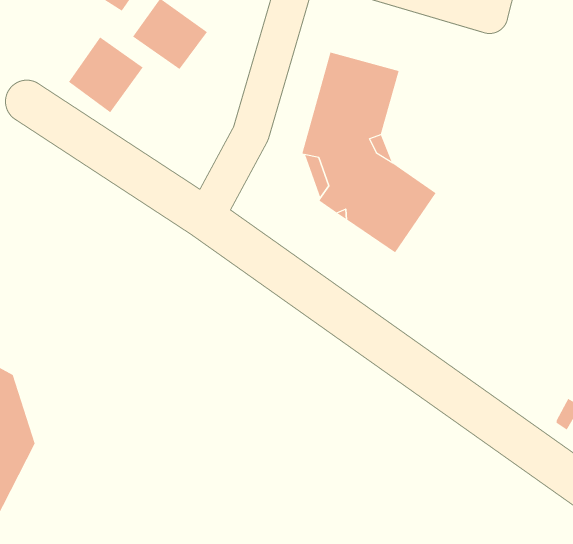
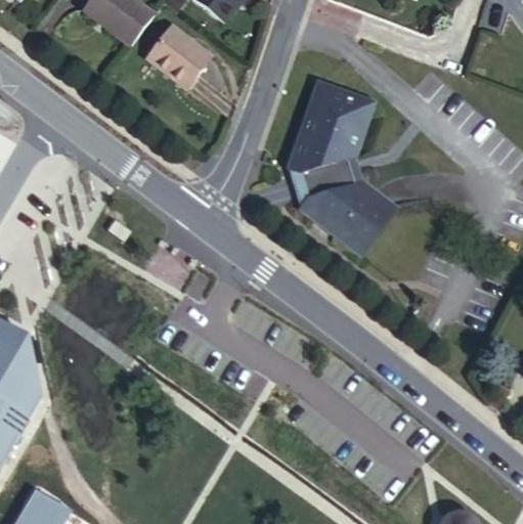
building: [68,37,143,113] -> none

